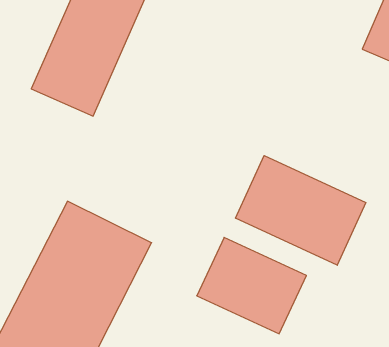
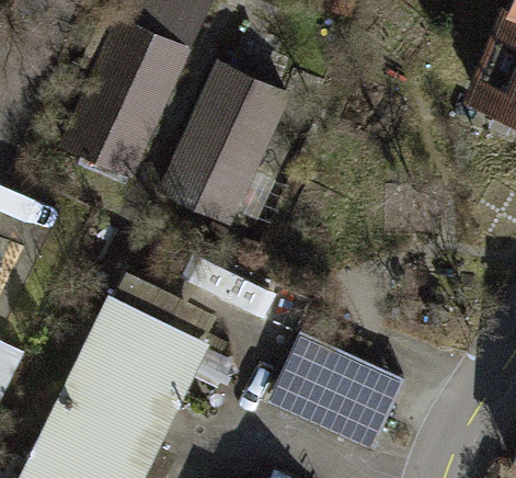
building: none -> [164,62,298,220]
building: [236,156,366,265] -> none

